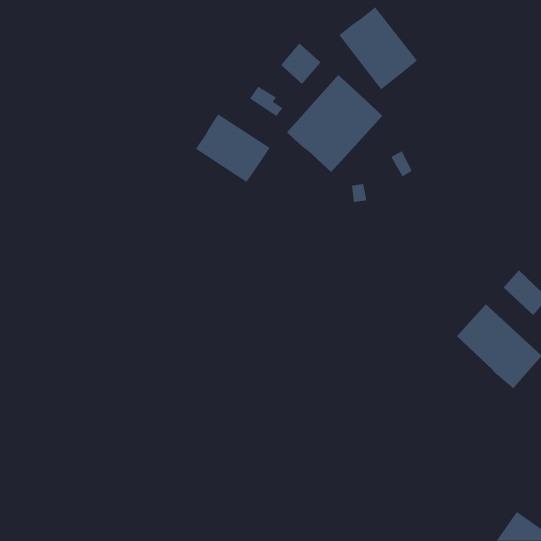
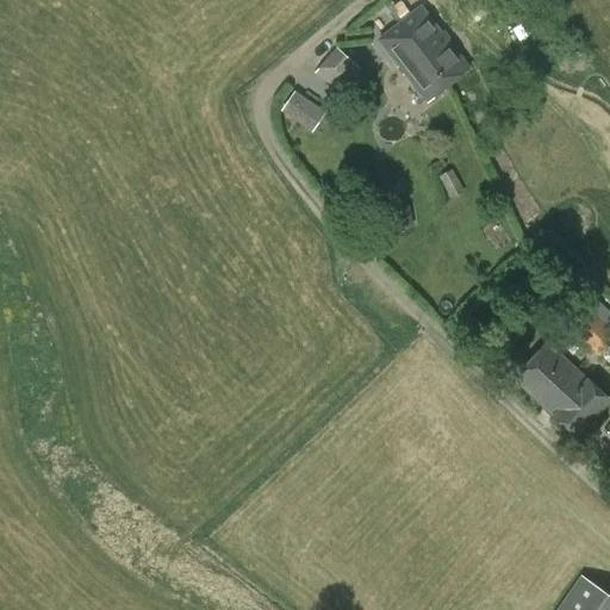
building: [286,74,383,173] -> none
building: [195,114,271,183] -> none

